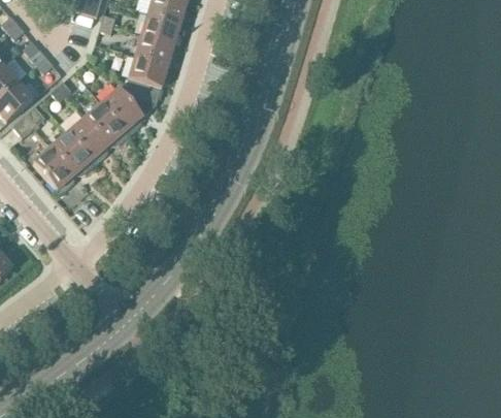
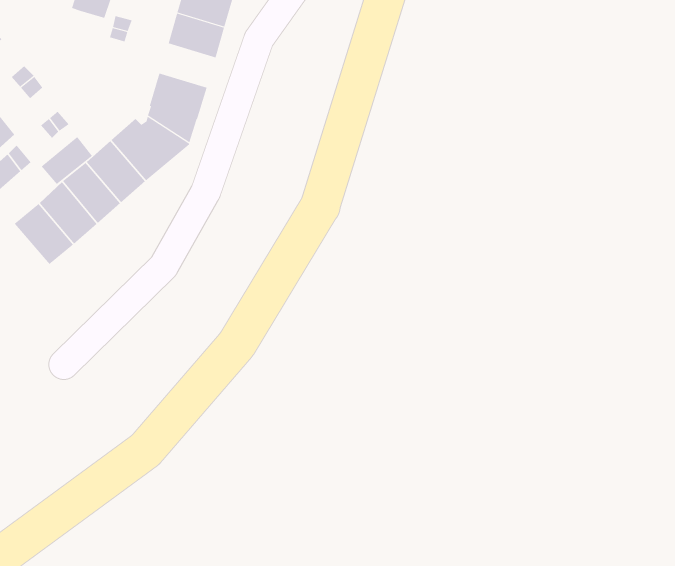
building: [134,33,174,64] -> none
building: none -> [41,136,93,185]

